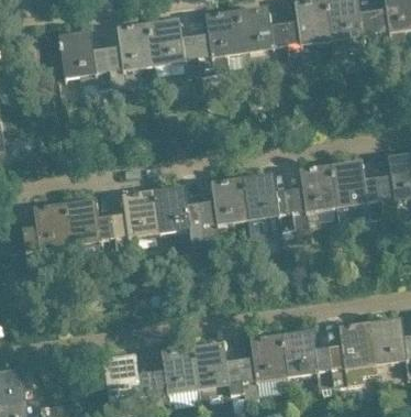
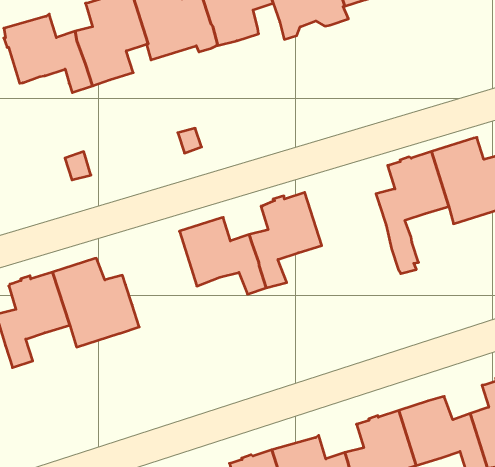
building: [241,173,295,240] -> none
building: [110,189,159,249] -> none

